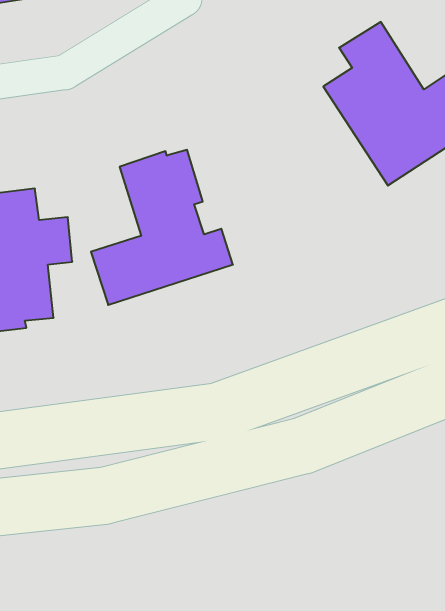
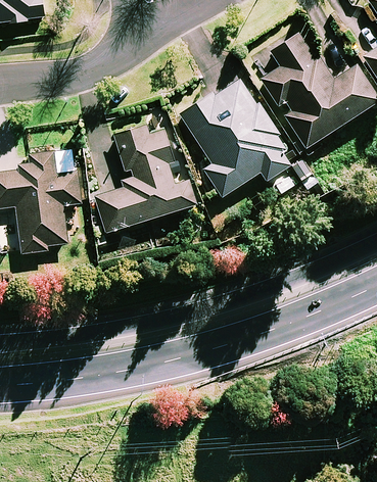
building: none -> [180,78,288,196]

